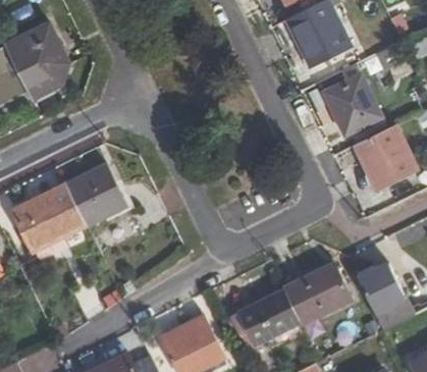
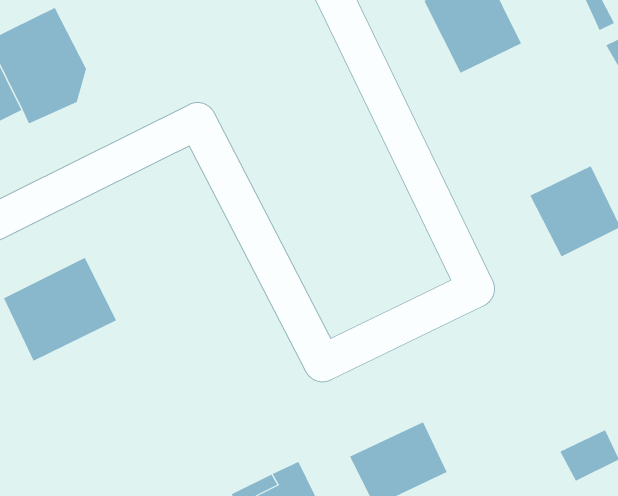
building: [323,75,381,135] -> none
building: [67,165,127,225] -> none
building: [357,262,403,310] -> none
building: [283,264,351,324] -> none

